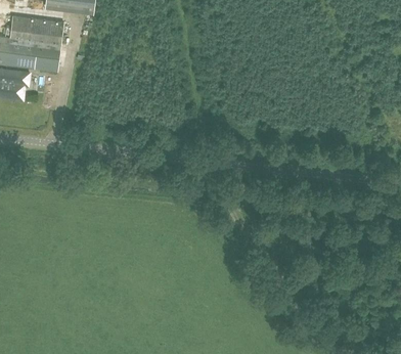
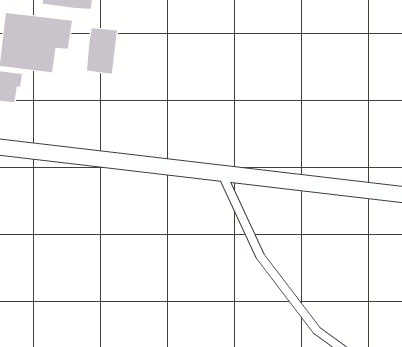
building: none -> [86,28,117,74]

